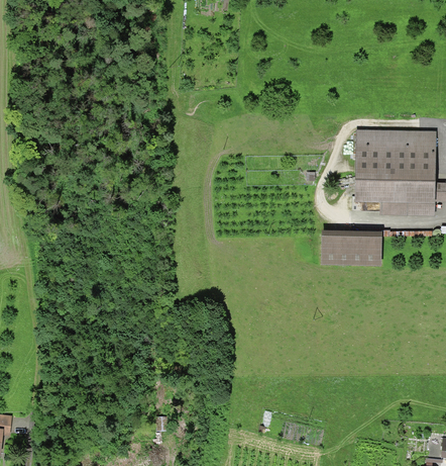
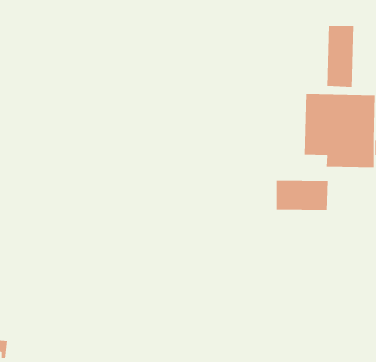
building: none -> [327,25,354,88]

